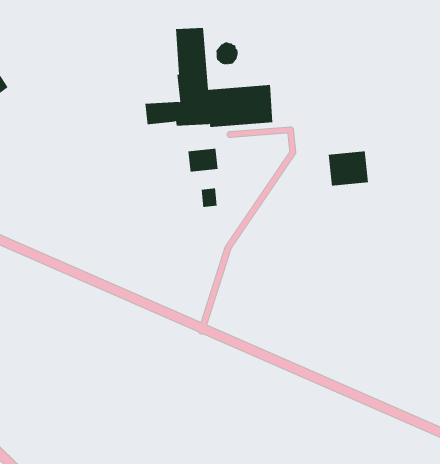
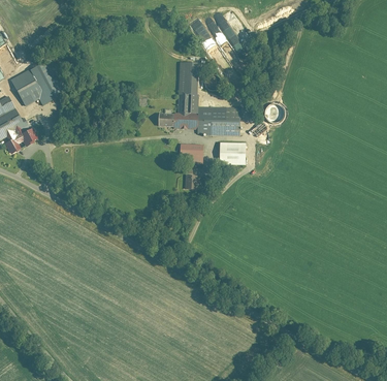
building: [328,151,369,186] -> [219,142,245,164]

